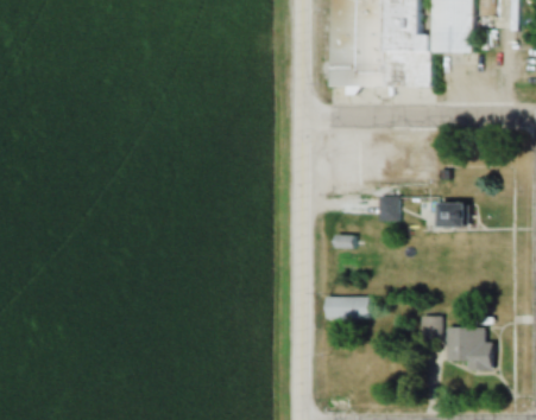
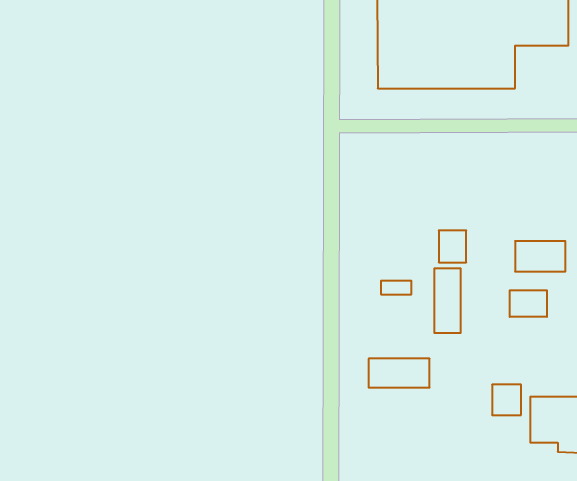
building: none -> [434,268,461,333]
building: none -> [510,290,547,317]

